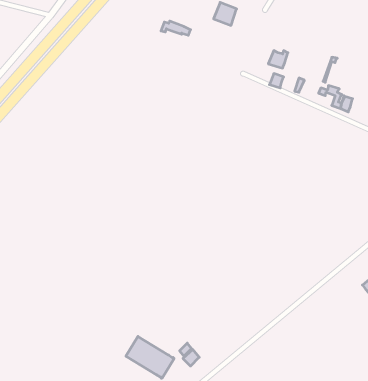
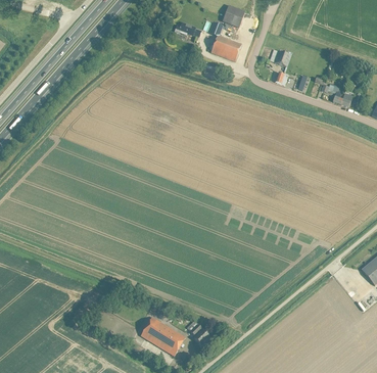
building: none -> [208,21,241,61]

